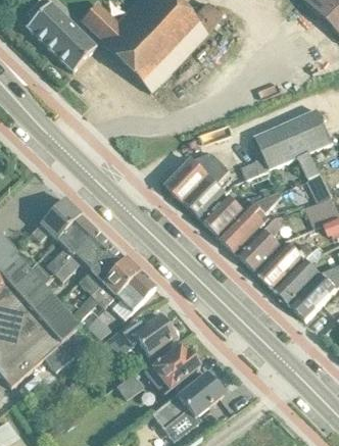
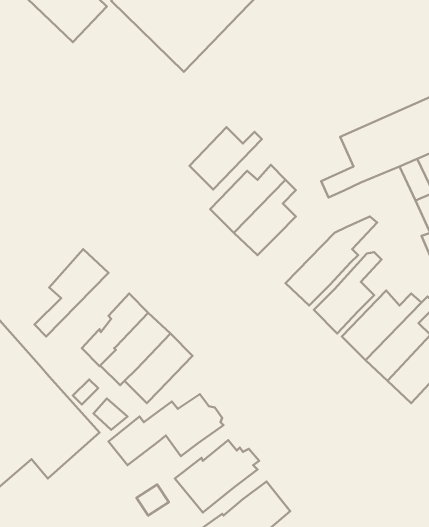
building: [203,194,253,237] -> [190,127,262,189]
building: [32,198,80,241] -> none
building: [54,230,111,280] -> none

